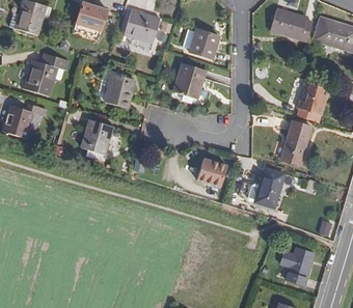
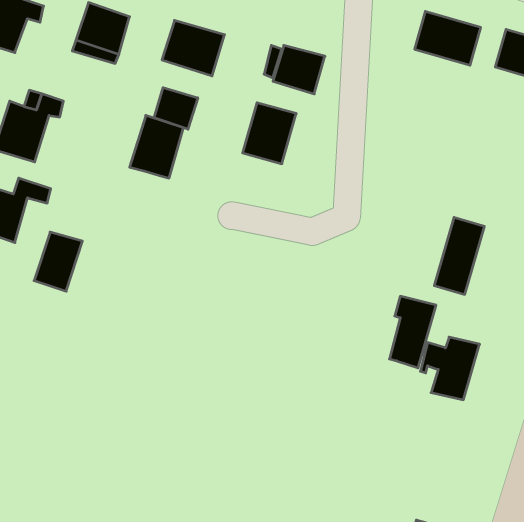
building: none -> [154,88,198,129]
building: [298,86,329,128] -> none
building: [90,121,118,156] -> [34,232,82,291]
building: [193,162,223,191] -> none
building: [281,252,316,288] -> [420,337,480,400]

